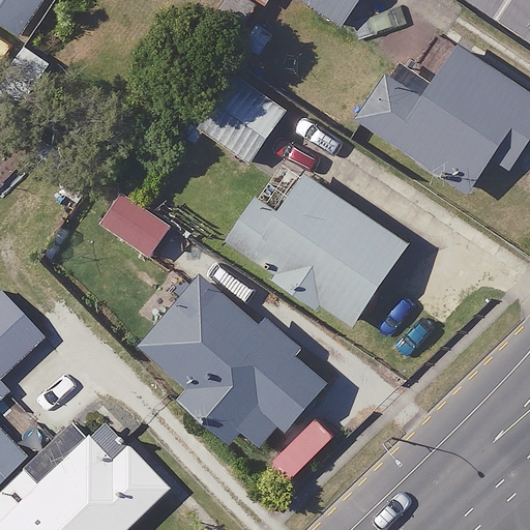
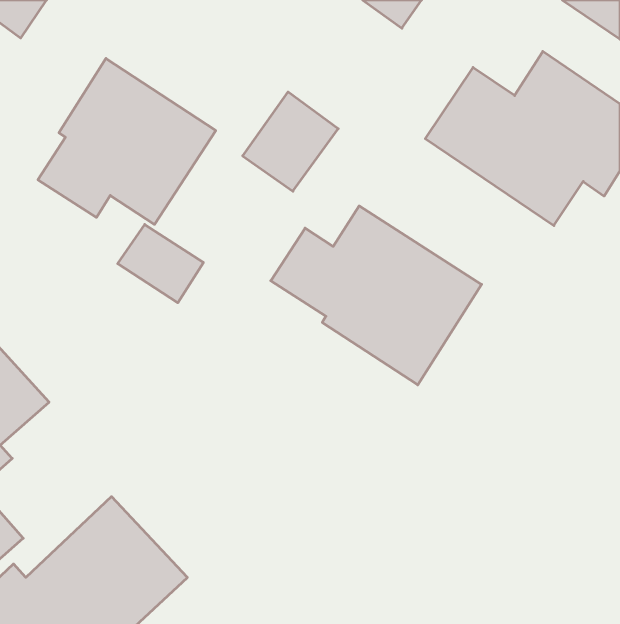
building: none -> [38,58,216,224]
building: [140,269,330,444] -> none

